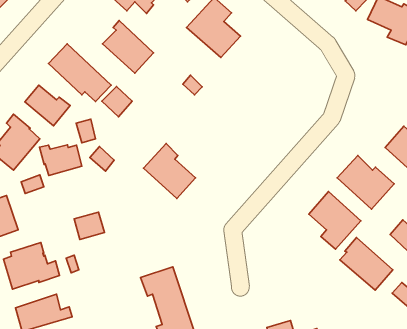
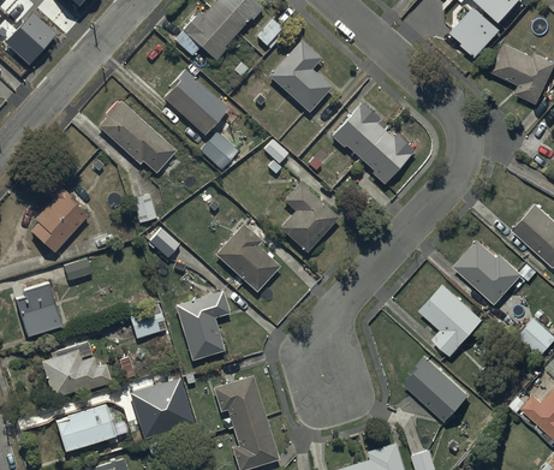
building: none -> [330,102,413,183]
building: [25,85,70,126] -> none
building: [102,86,132,117] -> [198,132,236,169]
building: none -> [279,182,338,251]
building: [40,145,82,175] -> none
building: none -> [175,290,230,359]
building: [340,238,393,290] -> [403,355,467,420]
building: none -> [131,381,196,442]

